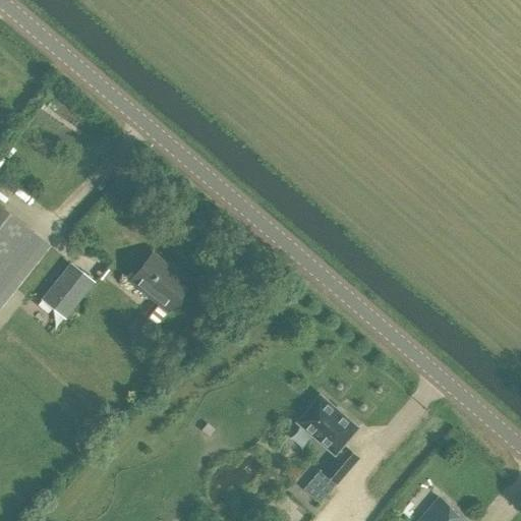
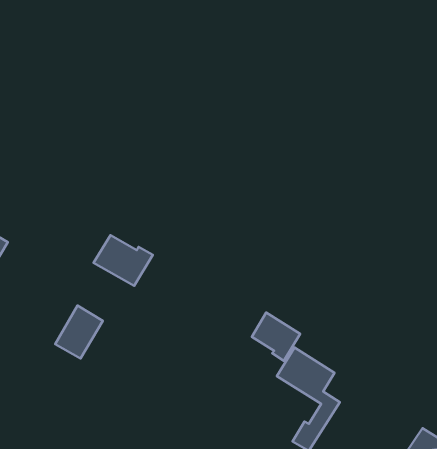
building: [40,264,92,317] -> [55,305,103,358]
building: none -> [252,313,300,361]

